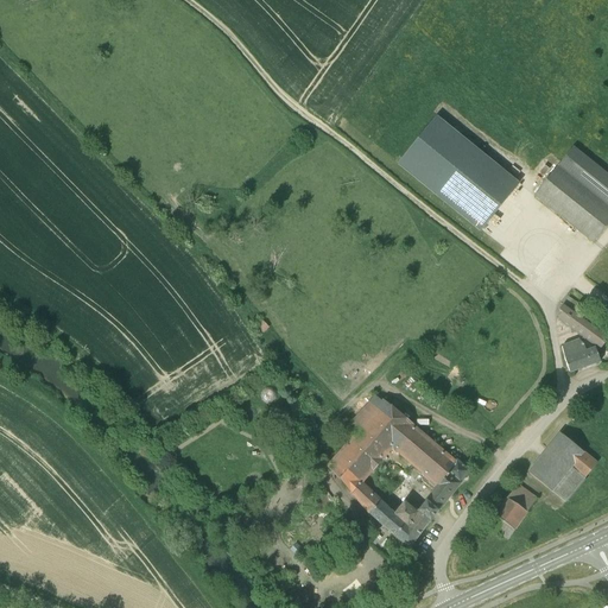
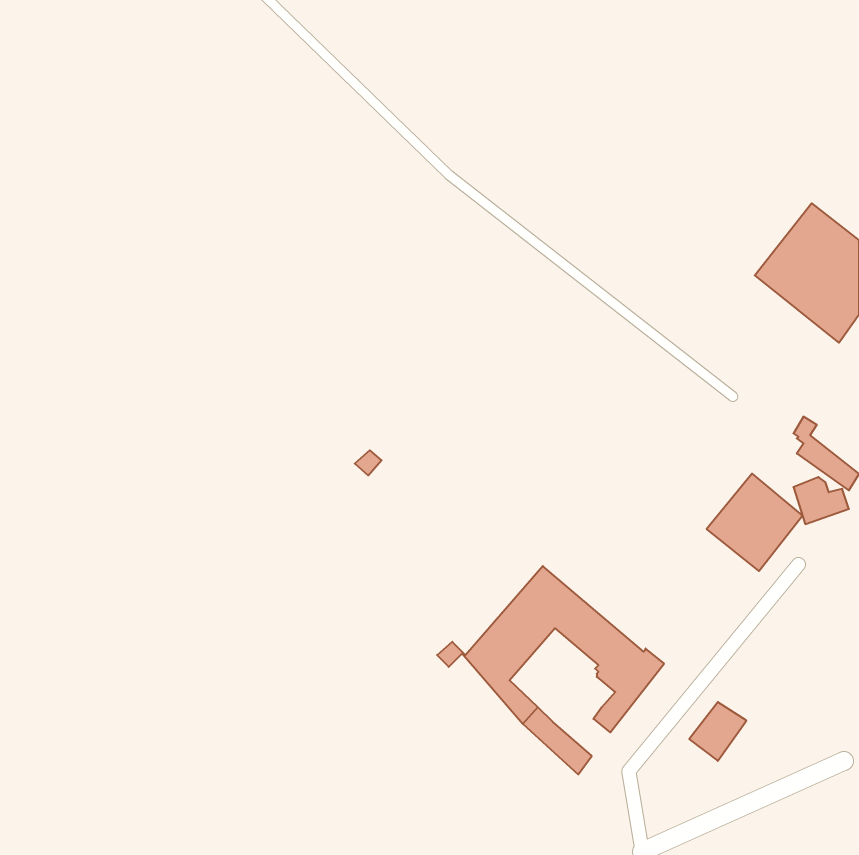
building: [403,114,519,222] -> none
building: [528,431,596,500] -> [707,474,802,571]
building: [391,501,431,534] -> none

